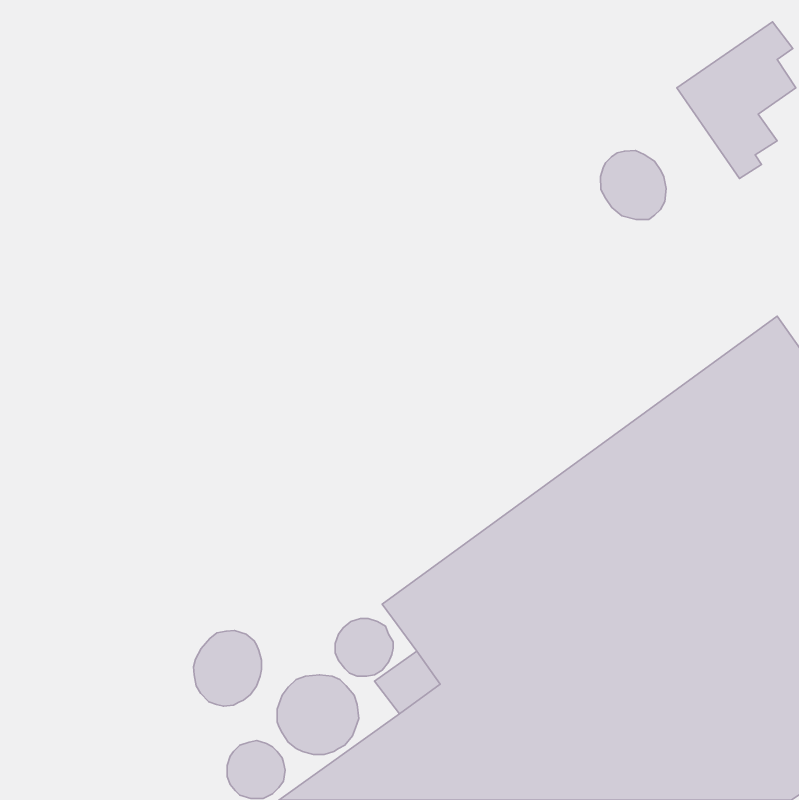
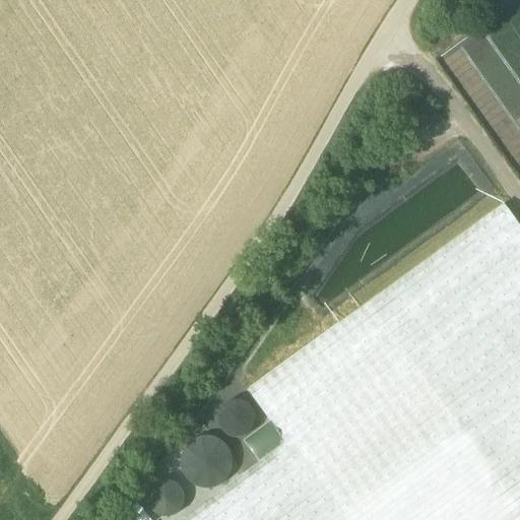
building: [600,150,666,220] -> none
building: [194,630,262,706] -> none

